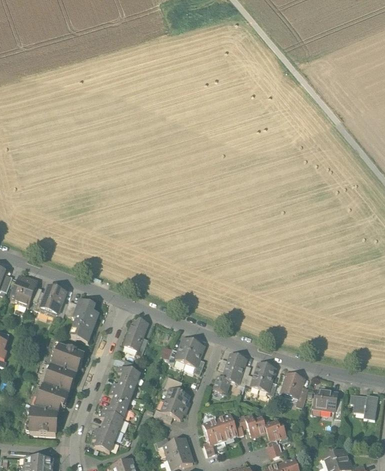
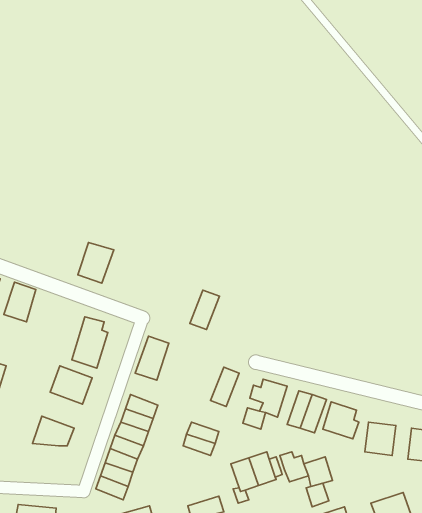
building: [38,284,68,318] -> [78,243,114,283]
building: [170,337,195,370] -> [190,290,220,330]
building: [43,363,77,393] -> none
building: [27,406,57,434] -> none
building: [161,437,191,458] -> none

